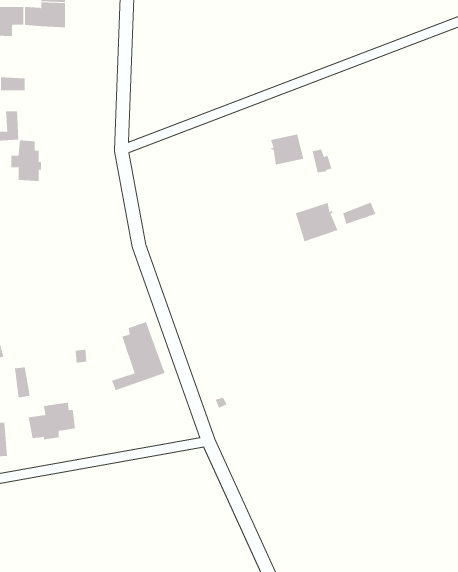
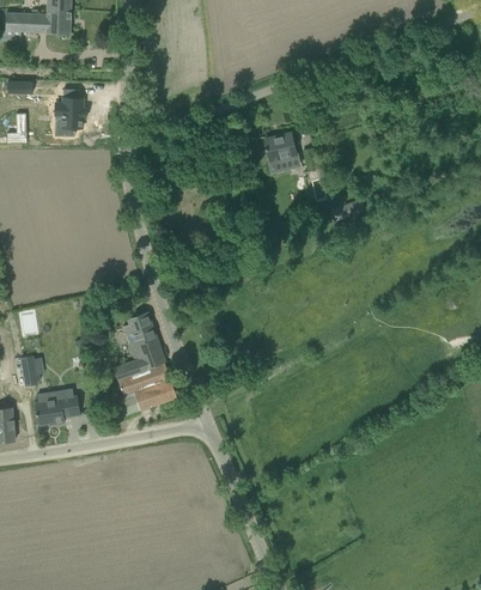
building: [10,140,42,182] -> [54,89,84,128]
building: [295,202,338,242] -> none
building: none -> [114,361,176,418]

